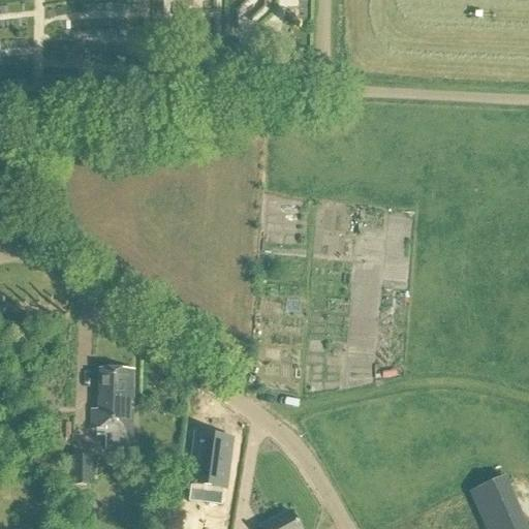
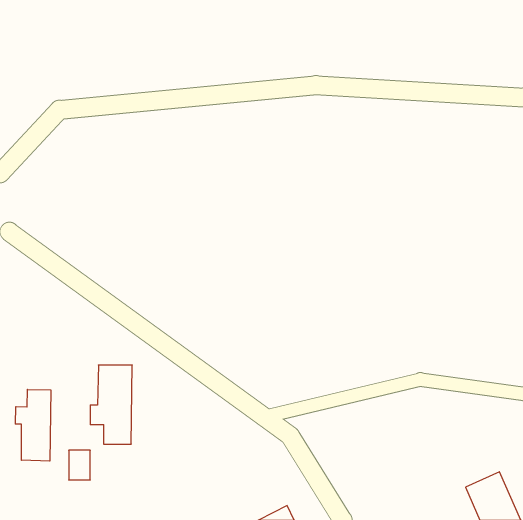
building: none -> [15,389,51,461]
building: [193,440,228,509] -> none

